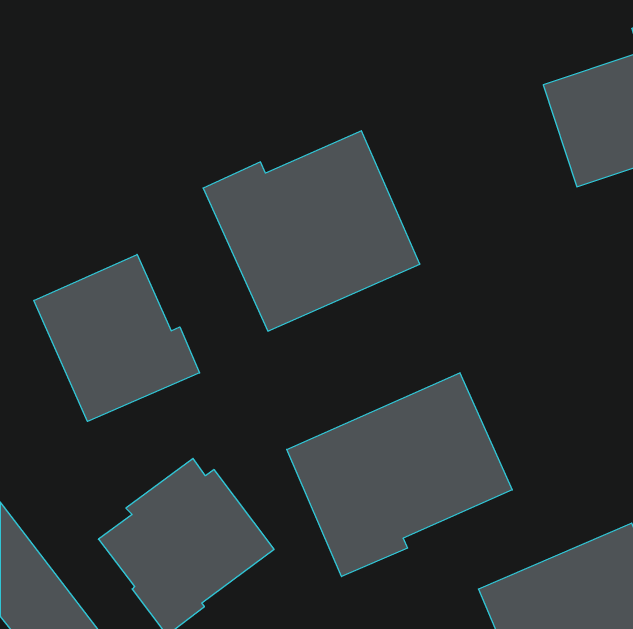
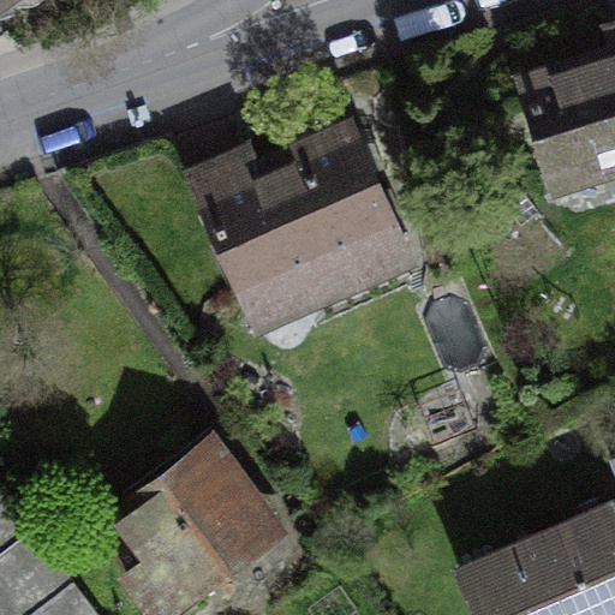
building: [34,254,200,421] -> none
building: [287,373,512,577] -> none

